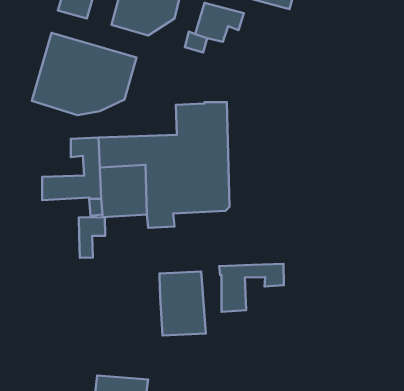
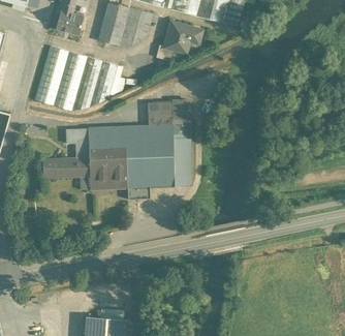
building: [79,217,105,258] -> none
building: [219,264,284,312] -> none
building: [159,271,206,336] -> none

